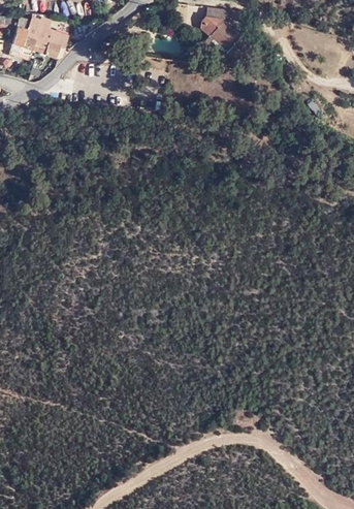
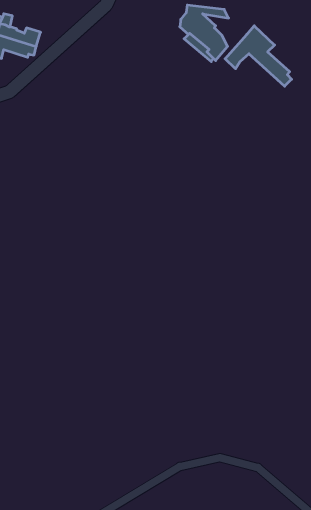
building: none -> [225,26,292,86]

